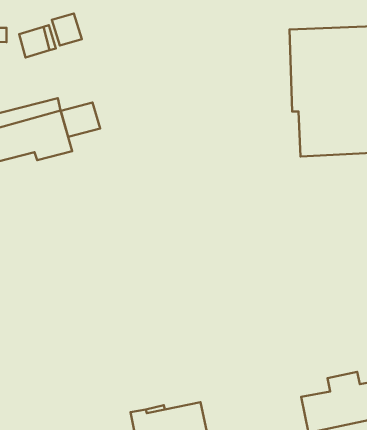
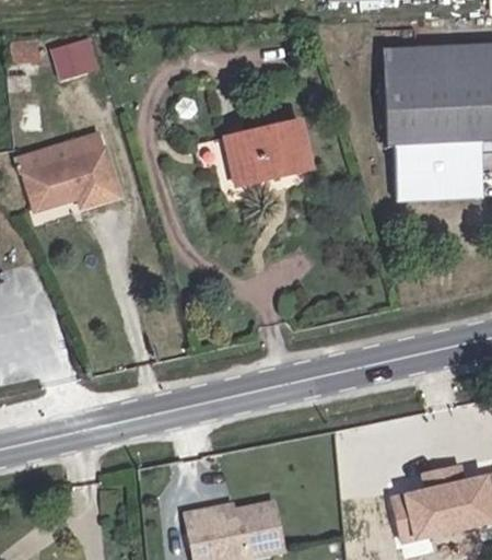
building: [52,13,82,46] -> none
building: none -> [225,121,313,186]
building: [61,103,100,137] -> none

